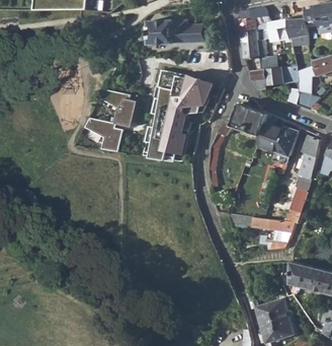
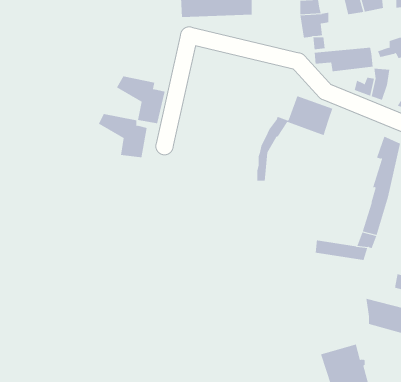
building: [142,69,214,162] -> none
building: [256,123,296,155] -> none

